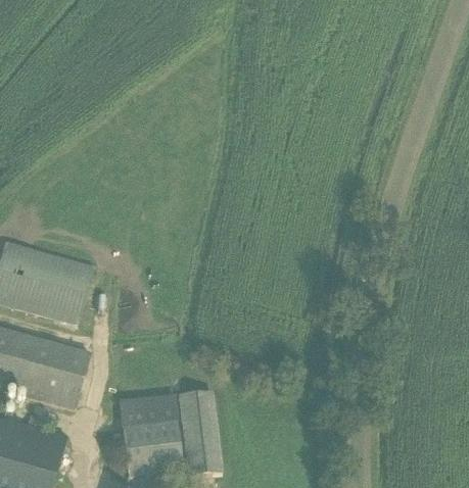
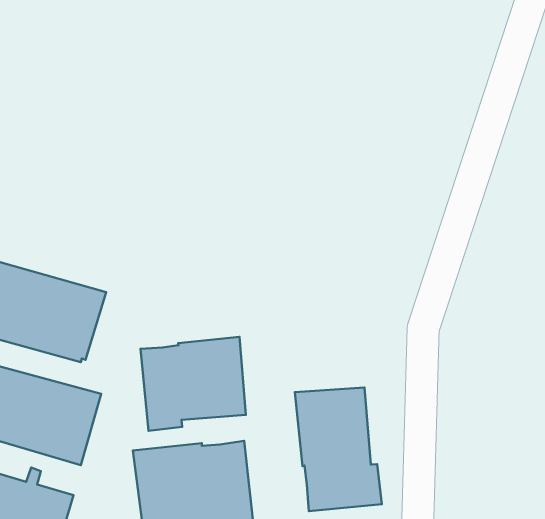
building: none -> [141,337,246,431]
building: none -> [295,387,382,511]

